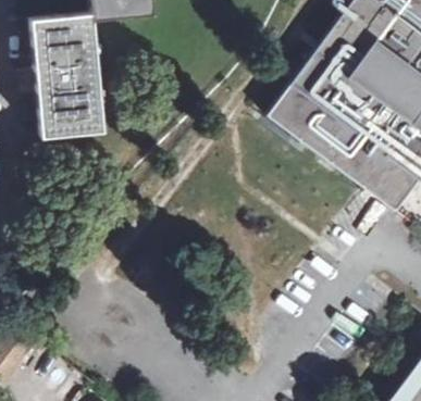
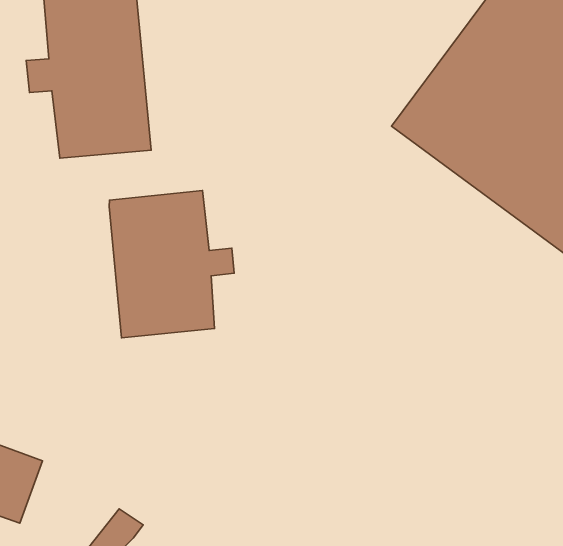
building: none -> [109,191,234,338]

